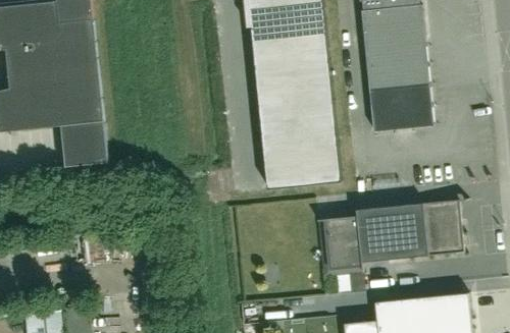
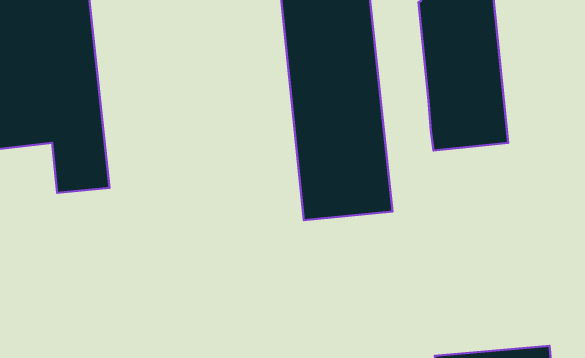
building: [325,200,464,268] -> none

